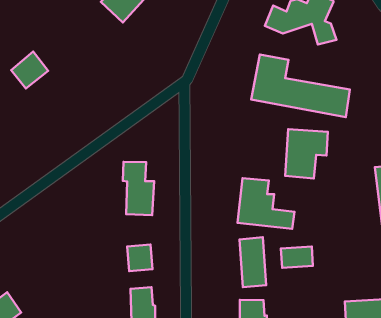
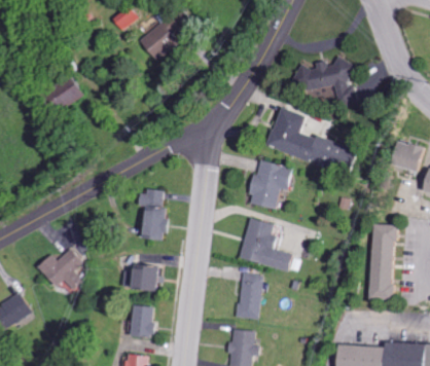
building: [285,129,328,179] -> [249,160,293,209]
building: none -> [38,248,81,290]
building: [281,247,313,268] -> none

